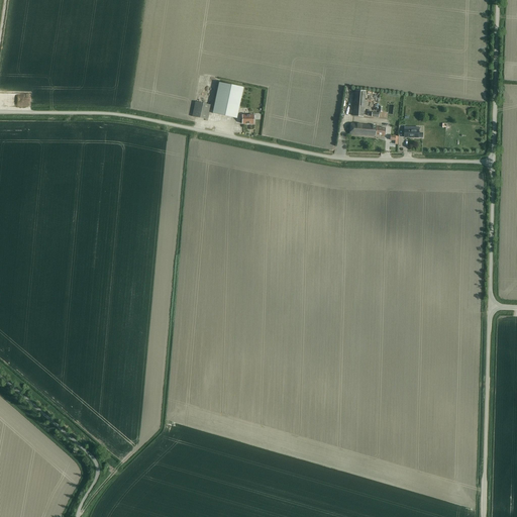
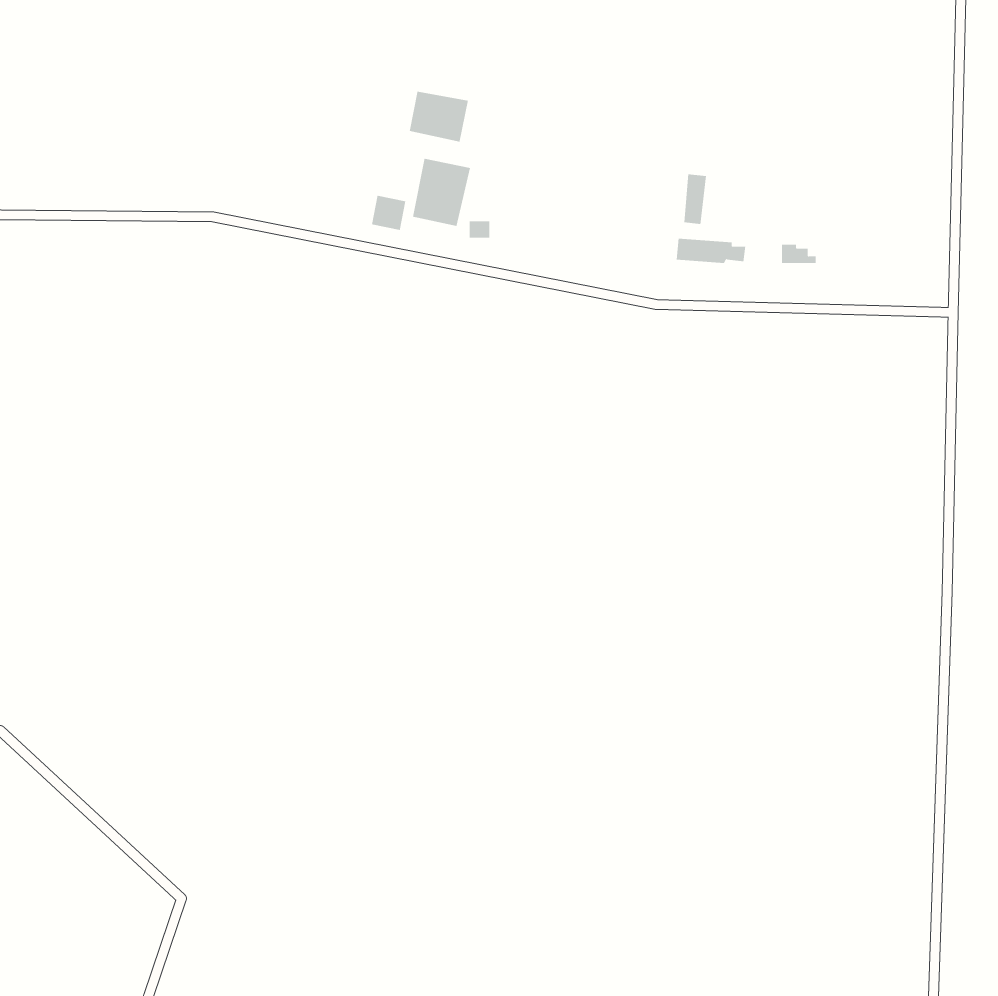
building: none -> [409,91,469,142]

